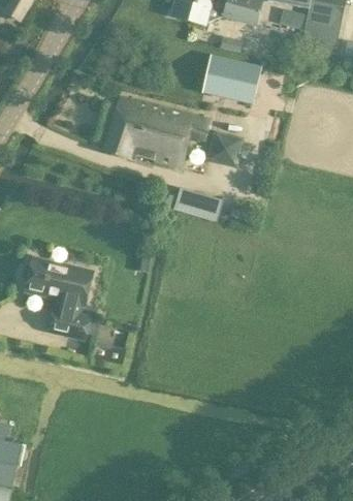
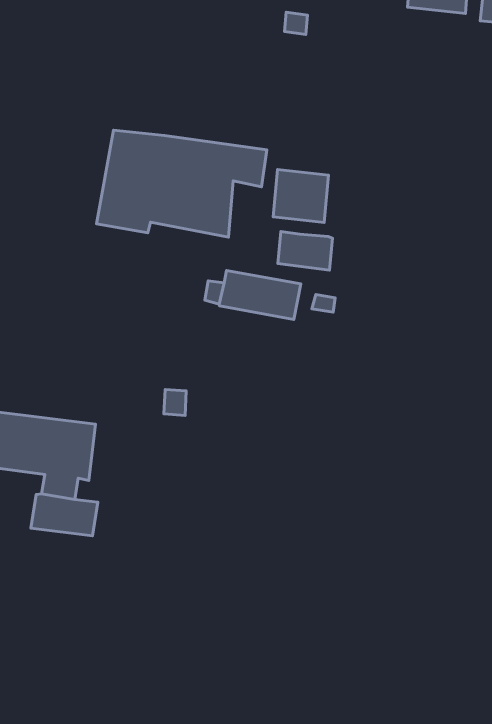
building: [202,55,259,103] -> none
building: none -> [278,232,332,270]

